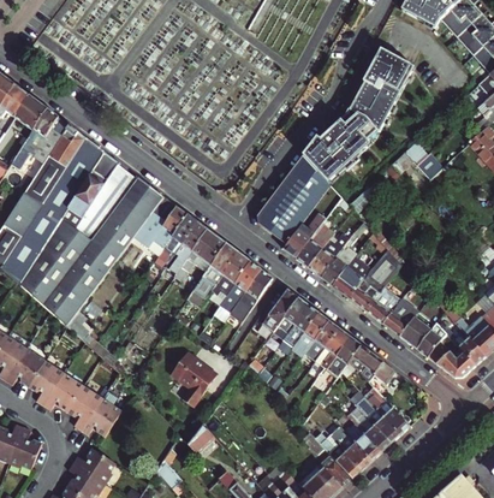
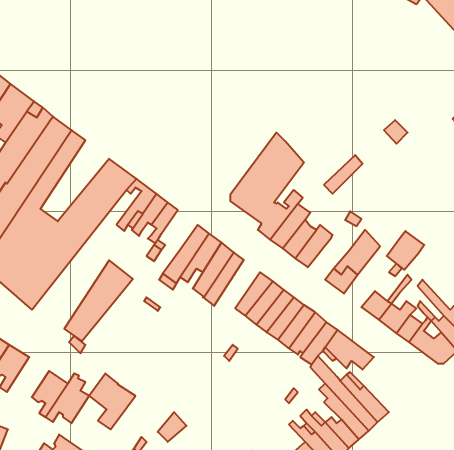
building: [302,52,415,184] -> none
building: [75,162,141,241] -> [64,260,133,341]
building: [191,230,226,269] -> none
building: [332,256,371,297] -> none
building: [367,286,403,324] -> [387,231,424,270]
building: [172,351,216,405] -> [89,373,135,429]
building: [42,372,83,410] -> none

